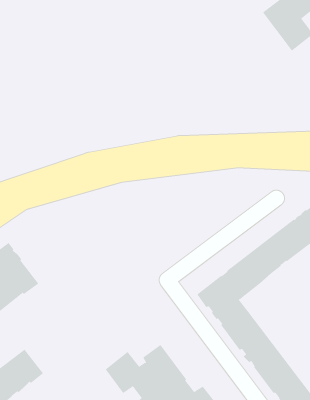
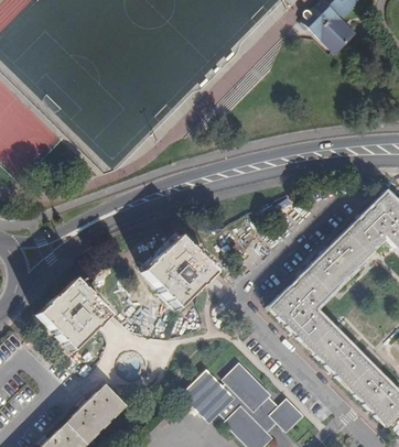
building: none -> [142,236,214,307]

